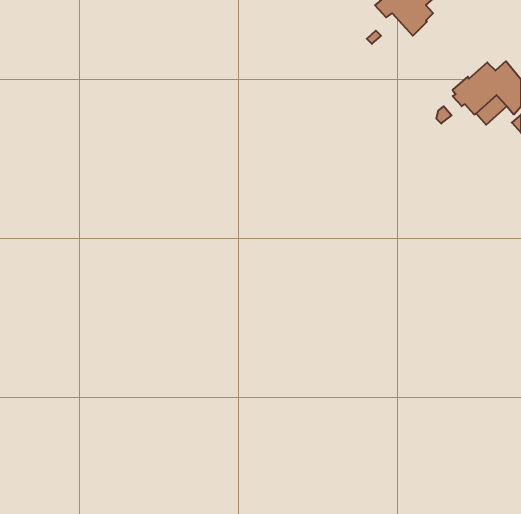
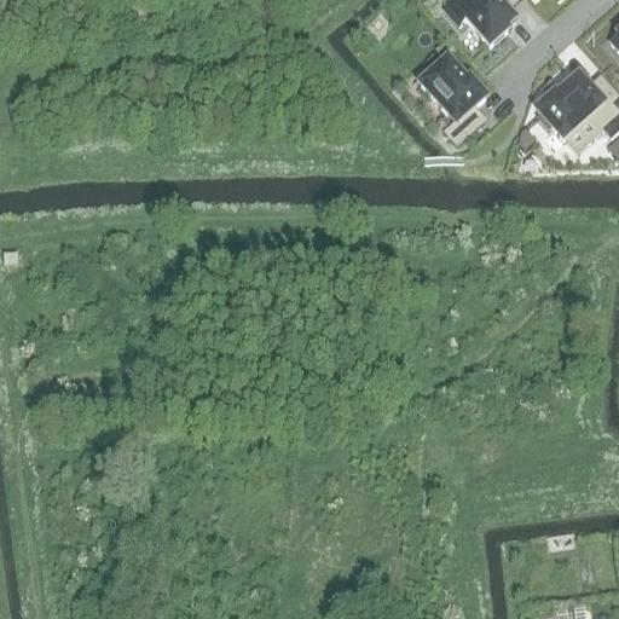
building: none -> [418,56,484,141]

